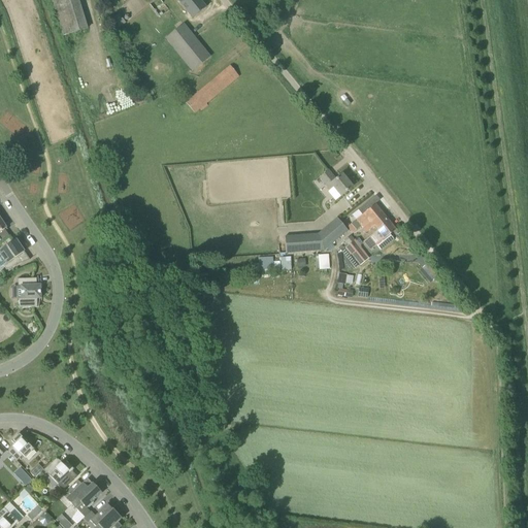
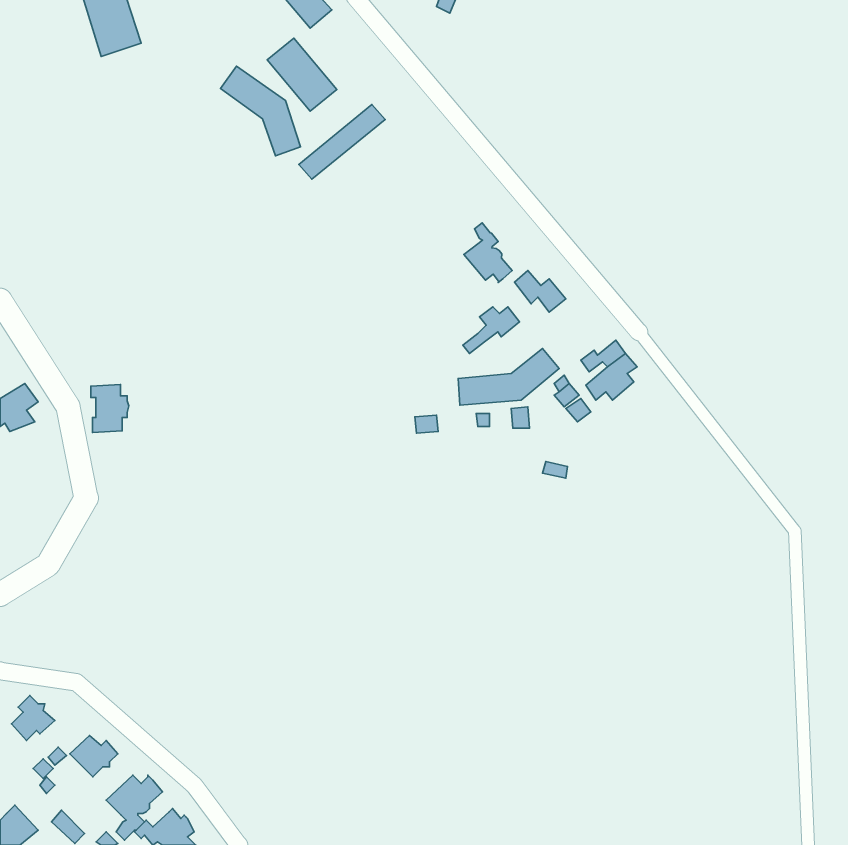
building: none -> [220,66,300,156]
building: none -> [464,223,512,283]
building: [348,202,383,231] -> [463,307,519,353]
building: [18,276,41,306] -> [91,384,129,433]

